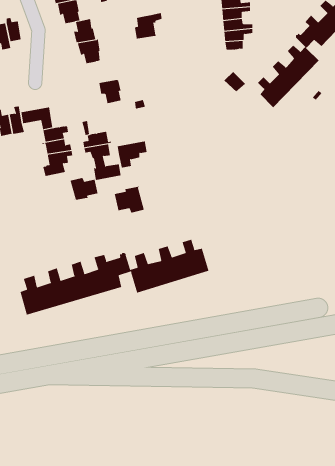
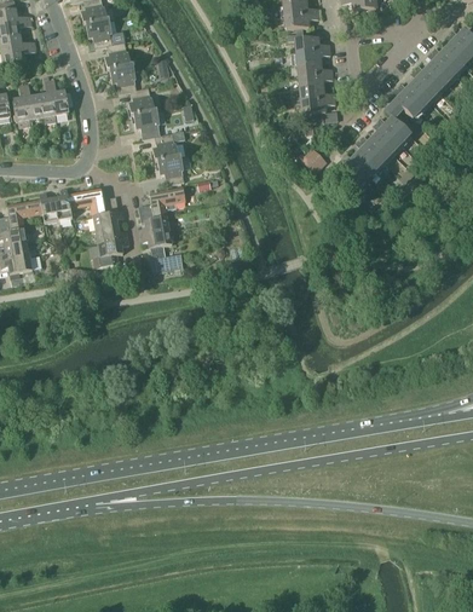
building: [134,13,163,40] -> [152,129,185,161]
building: [117,141,148,168] -> [150,186,185,218]
building: [70,177,98,201] -> none
building: [114,186,145,214] -> none
building: [20,239,209,316] -> none

